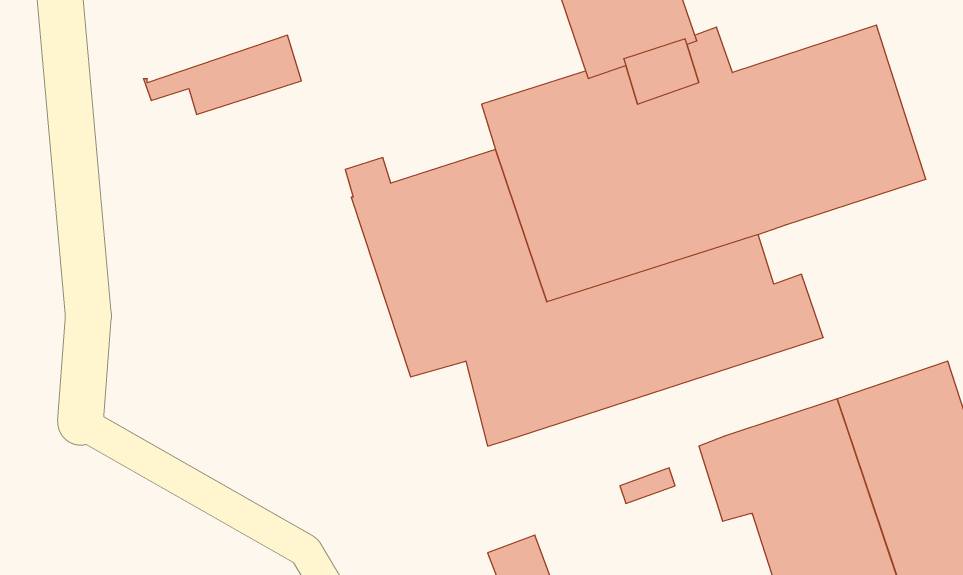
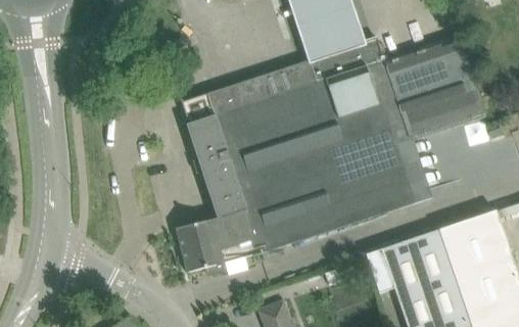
building: [143,35,301,114] -> [180,77,262,118]
building: none -> [176,209,257,274]

